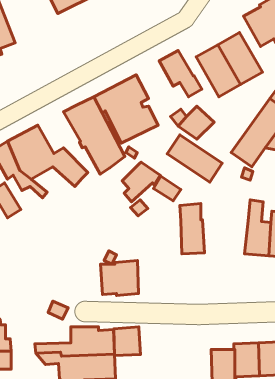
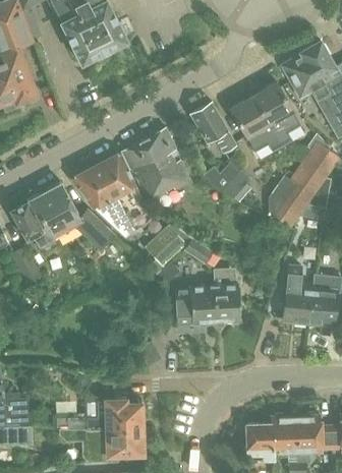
building: none -> [71,168,127,237]
building: [167,135,222,182] -> none
building: [101,260,138,295] -> [174,285,215,322]
building: [114,327,140,356] -> none

